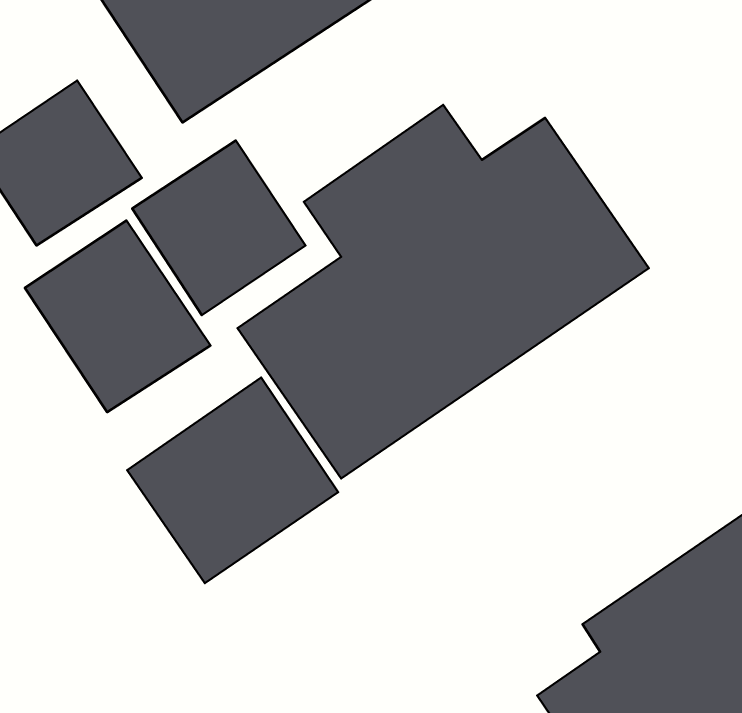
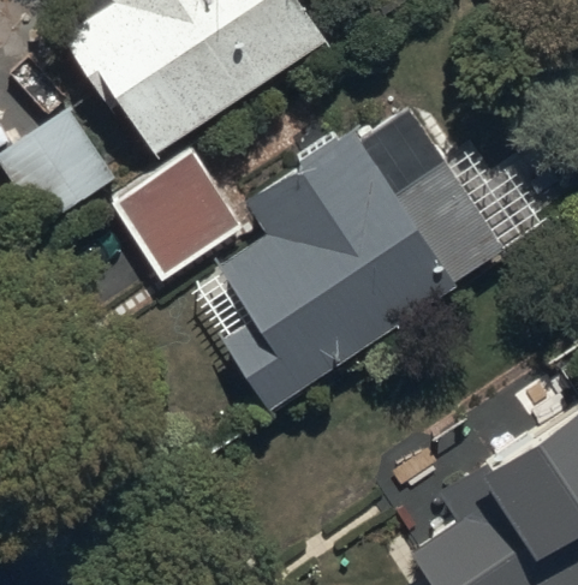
building: [25,220,210,412] -> none
building: [127,377,338,583] -> none

